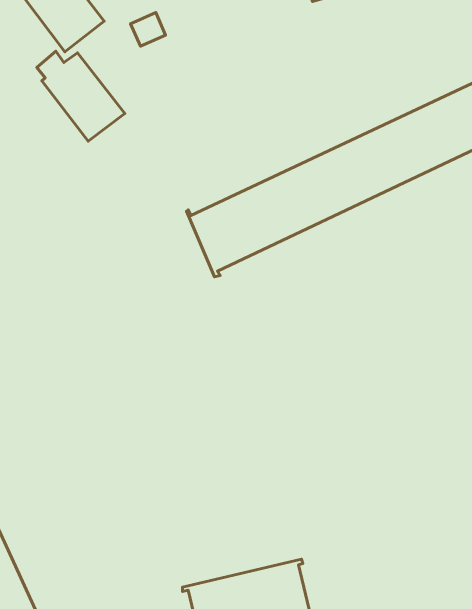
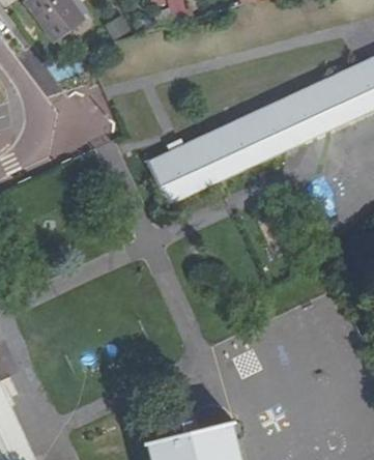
building: [37,51,125,141] -> none

